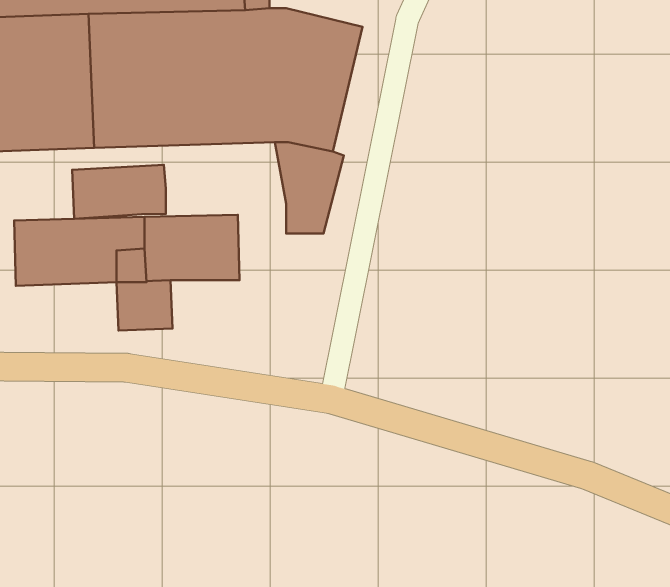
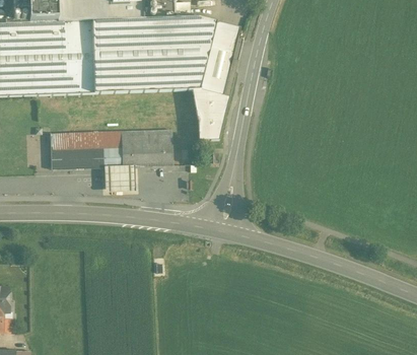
building: [72,165,166,219] -> none

